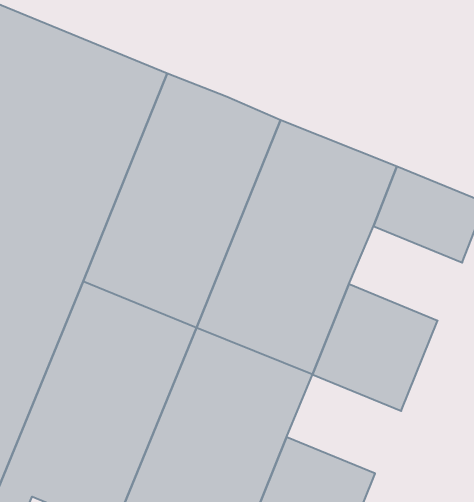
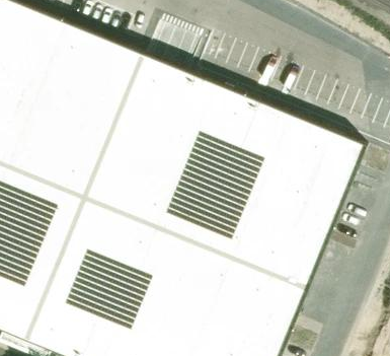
building: none -> [268,160,347,226]
building: none -> [225,264,305,333]

